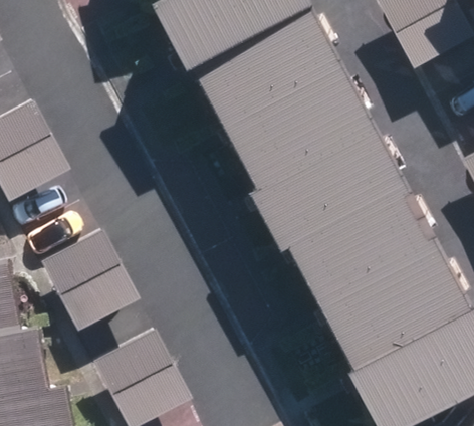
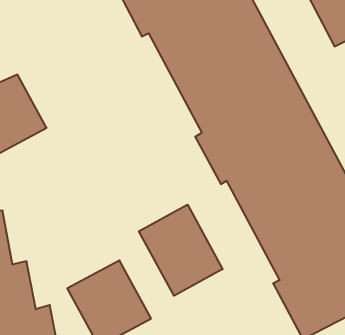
building: [43,239,144,342] -> none
building: none -> [139,205,223,296]

